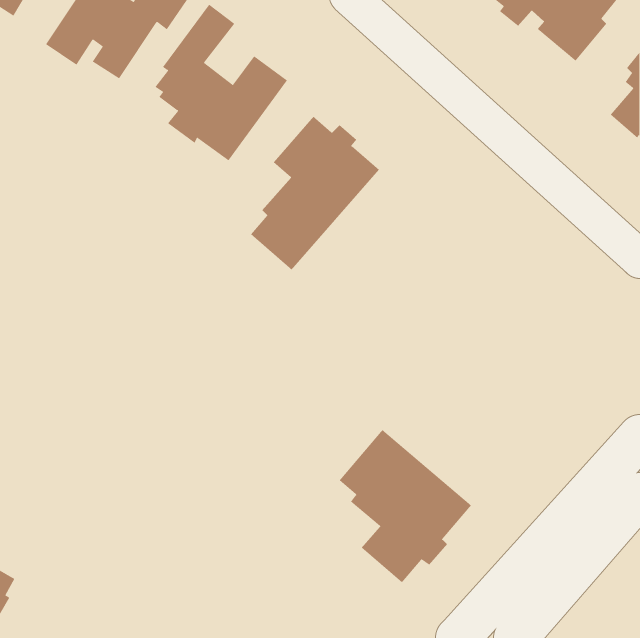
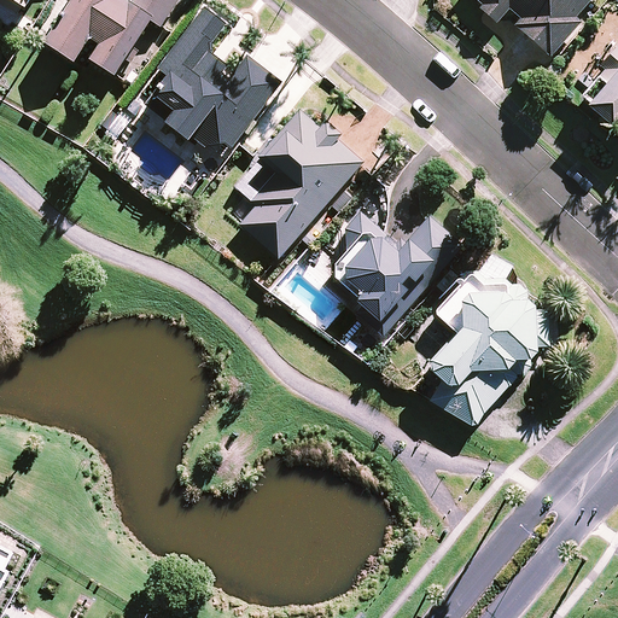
building: none -> [334,206,459,333]
building: none -> [422,269,544,422]
building: [339,429,472,583] -> none

